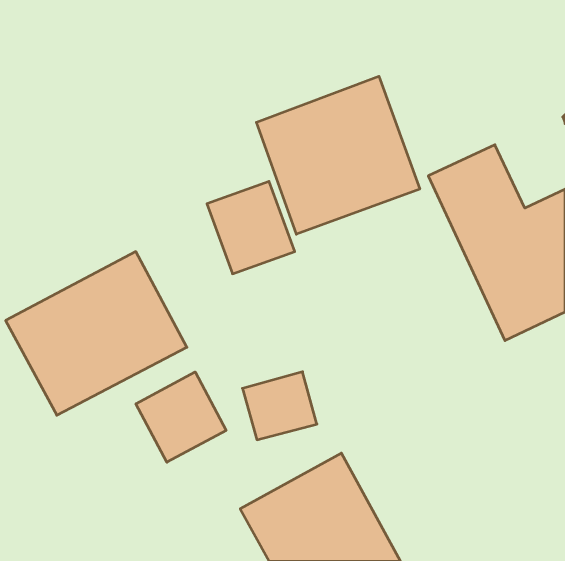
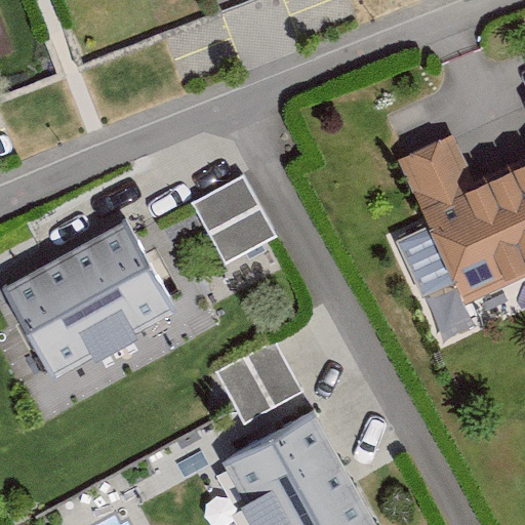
building: [256,76,420,234] -> none
building: [136,372,226,462] -> none

